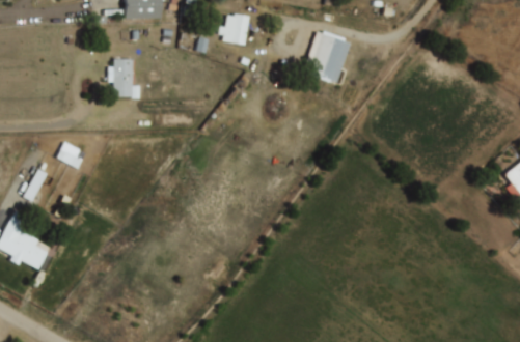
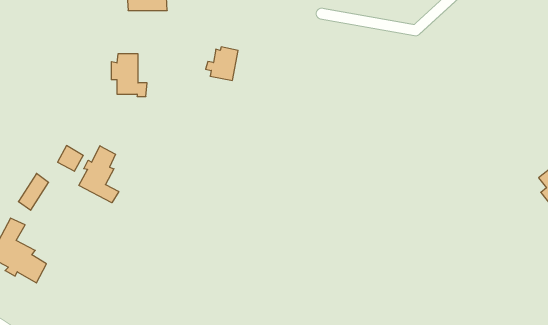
building: [220,12,250,44] -> [206,47,238,80]
building: [304,29,351,82] -> none
building: none -> [79,146,119,203]

